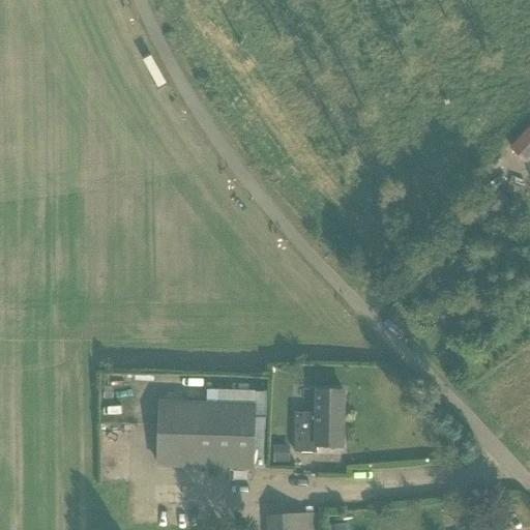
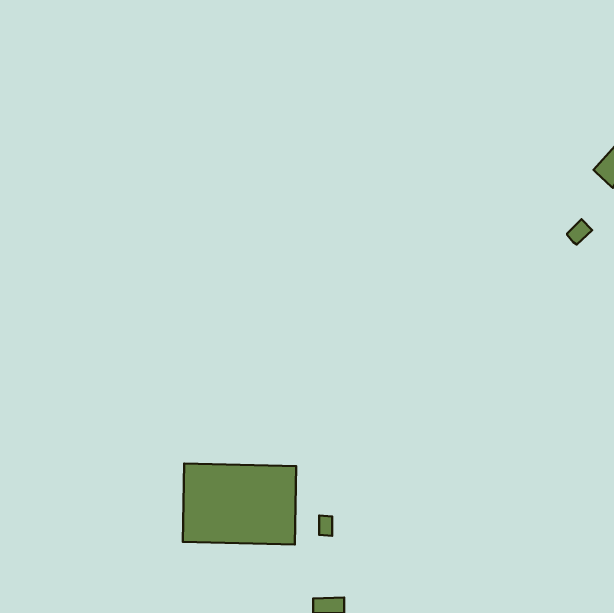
building: [295,388,345,450] -> none

